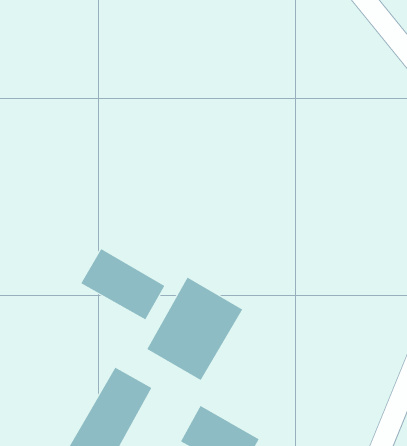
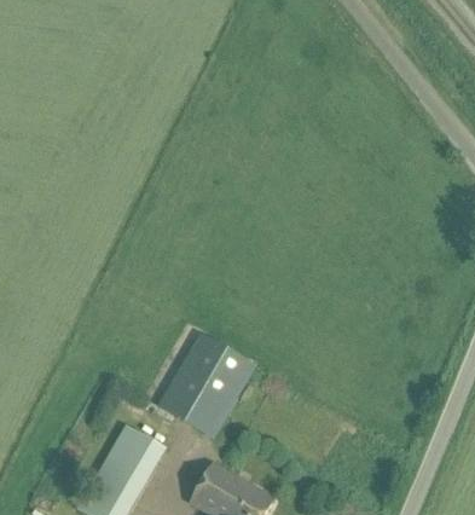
building: [81,248,165,320] -> none

